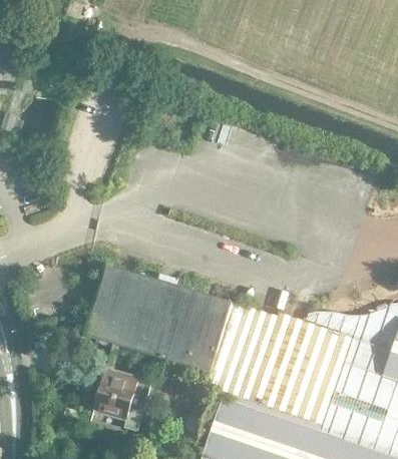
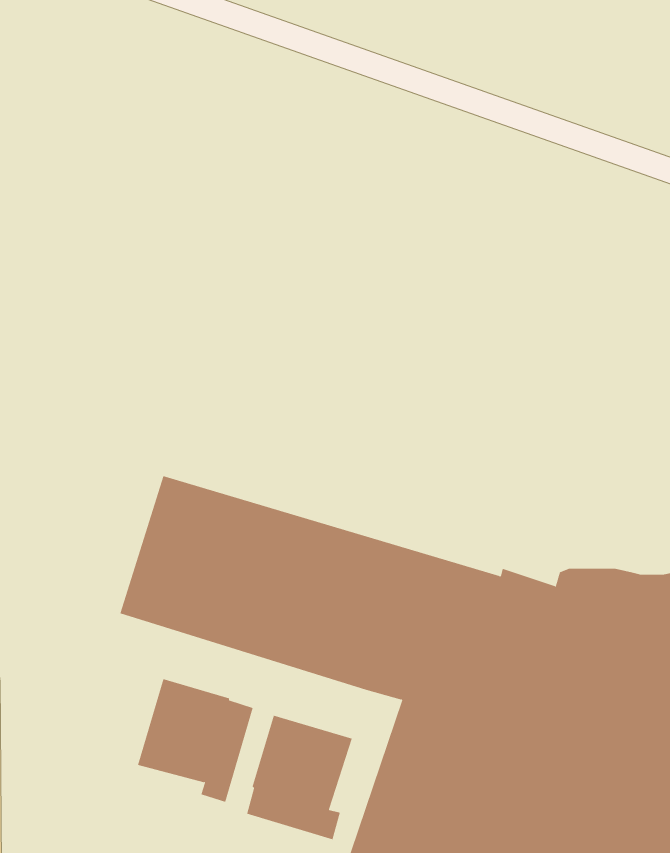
building: none -> [247,715,353,840]

